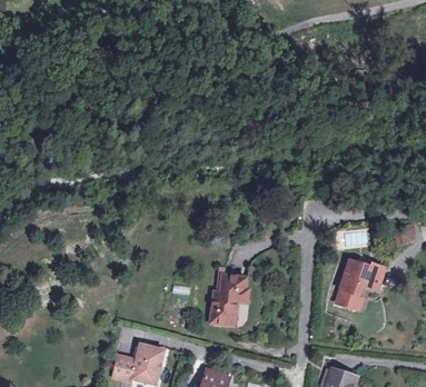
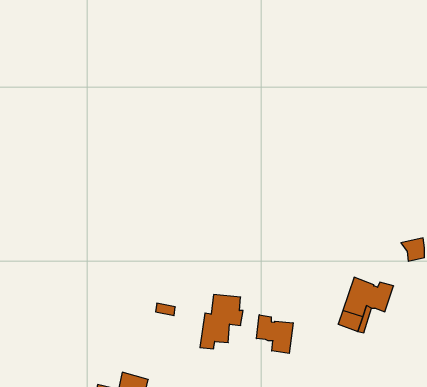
building: none -> [256,315,293,353]

